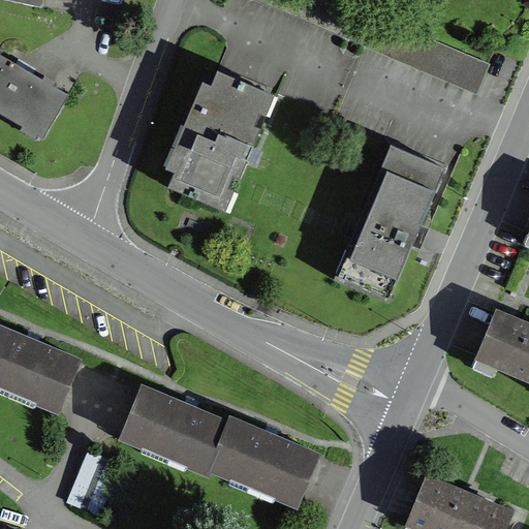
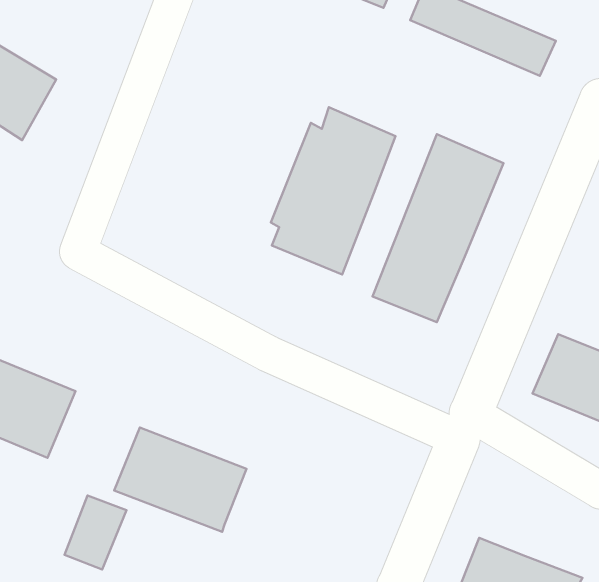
building: [162,72,269,215] -> [271,107,396,275]
building: [209,415,319,505] -> none

